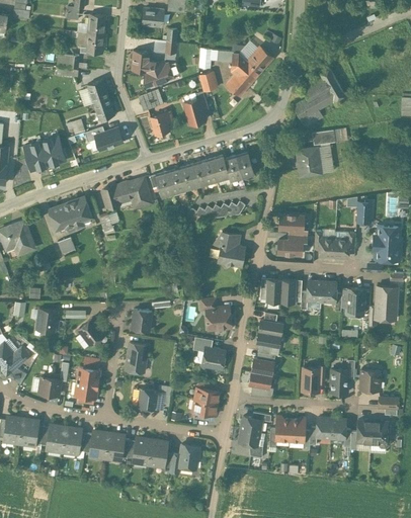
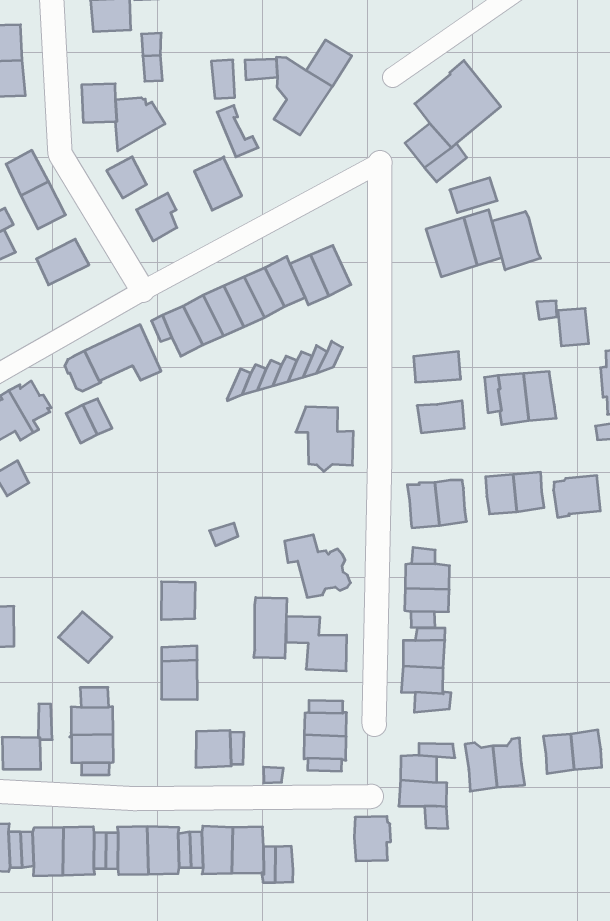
building: none -> [492,211,541,270]
building: none -> [254,597,287,658]
building: [302,367,319,392] -> none
building: [330,369,348,393] -> none
building: [179,444,199,468] -> [354,816,391,861]

